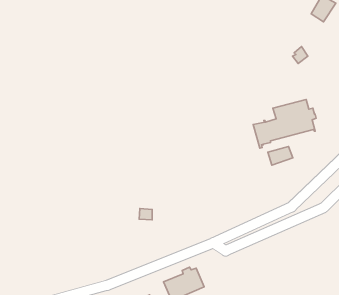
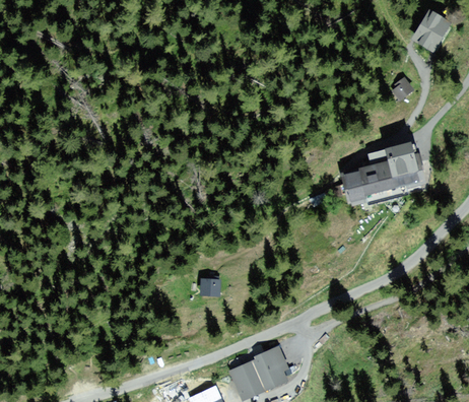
building: [268,146,293,165] -> none

